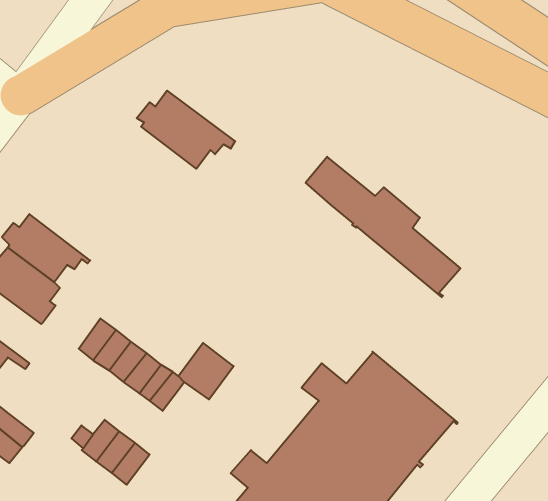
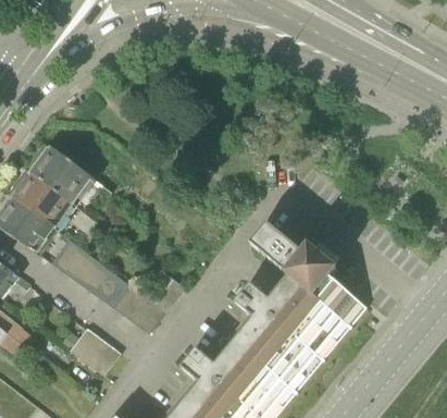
building: [137,91,235,169] -> [28,146,102,205]
building: [306,157,460,297] -> [251,224,368,330]
building: none -> [52,239,85,274]
building: none -> [132,299,166,334]

